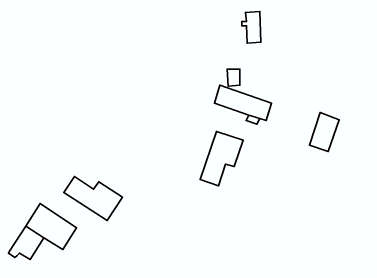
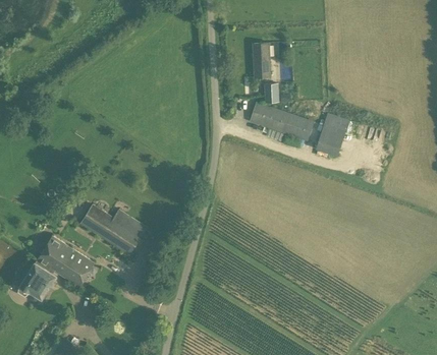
building: [242,11,261,43] -> [249,43,270,78]
building: [309,113,339,151] -> [316,113,349,157]
building: [200,131,243,186] -> none

